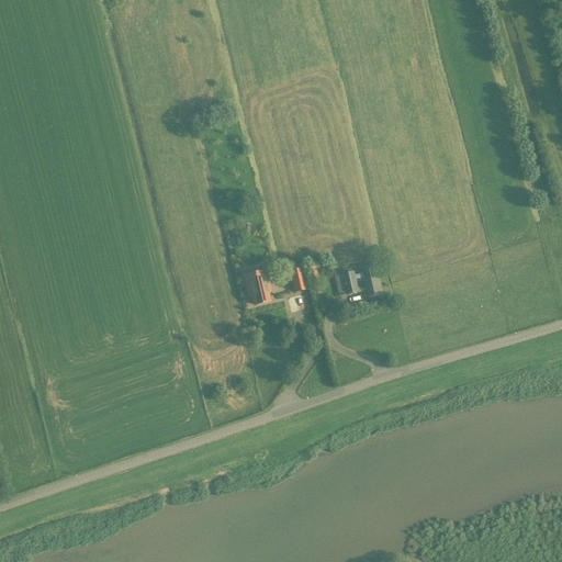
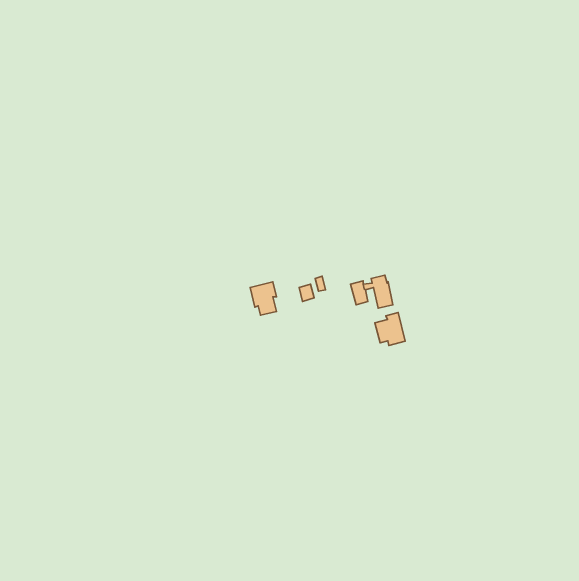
building: none -> [375,312,405,345]

